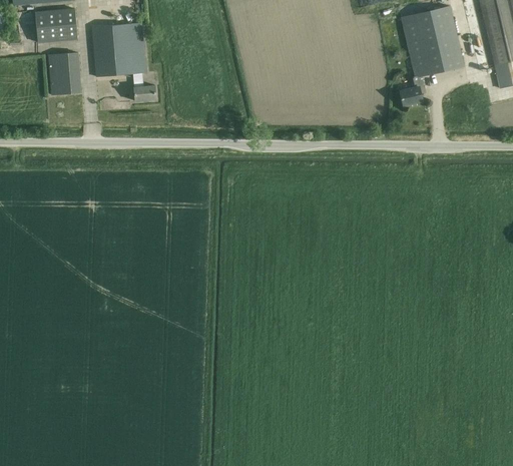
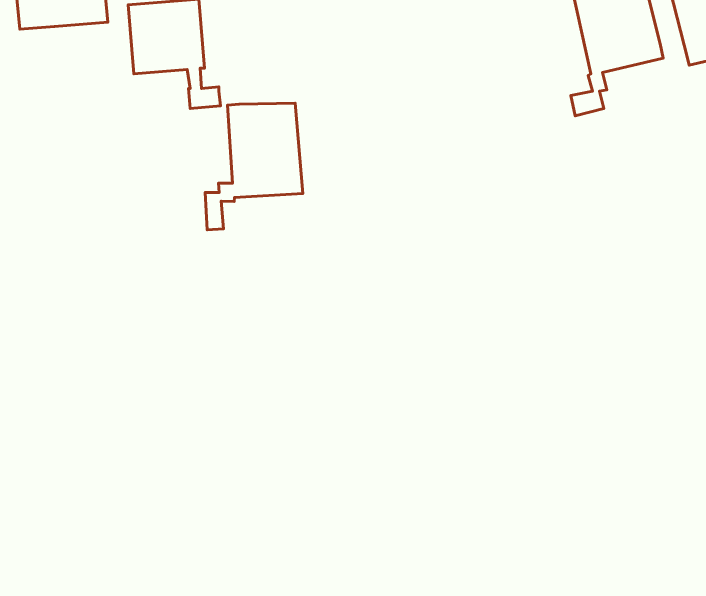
building: [50,52,82,94] -> none
building: none -> [205,103,303,230]

